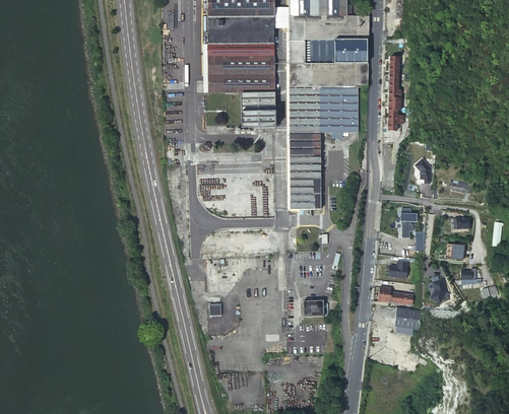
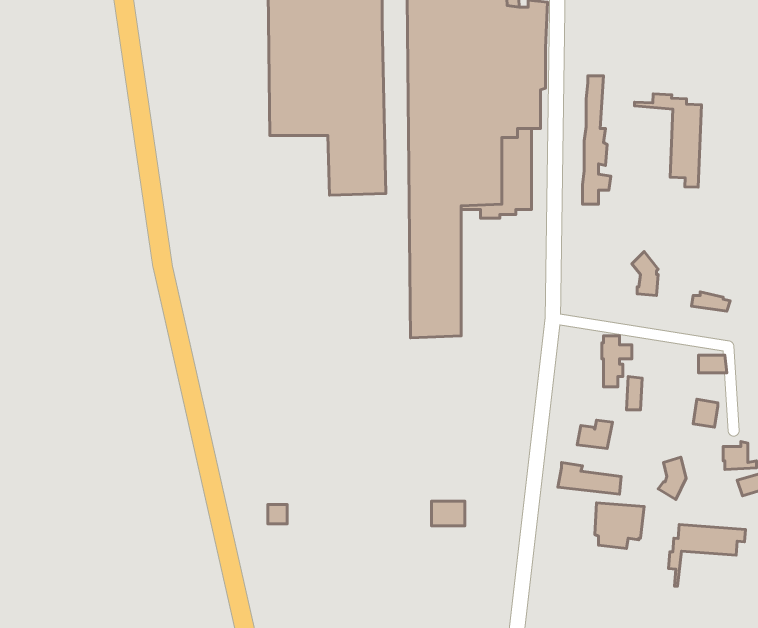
building: none -> [634,94,701,187]
building: none -> [669,525,745,586]

